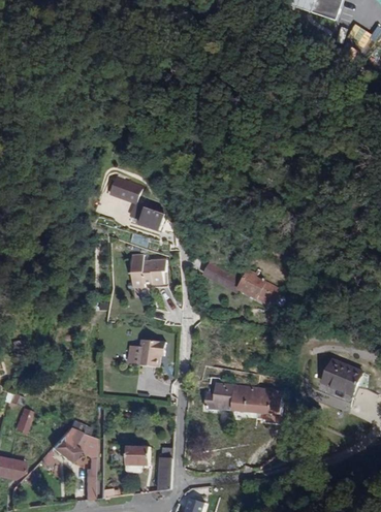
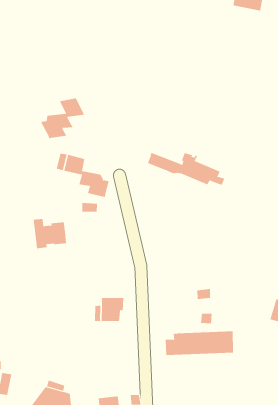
building: none -> [40,97,85,139]
building: [129,252,163,284] -> [33,218,67,249]
building: [202,261,285,306] -> [147,152,225,186]

